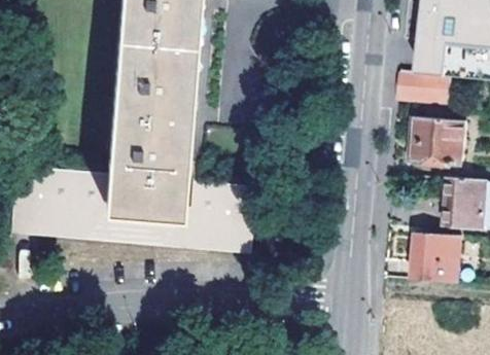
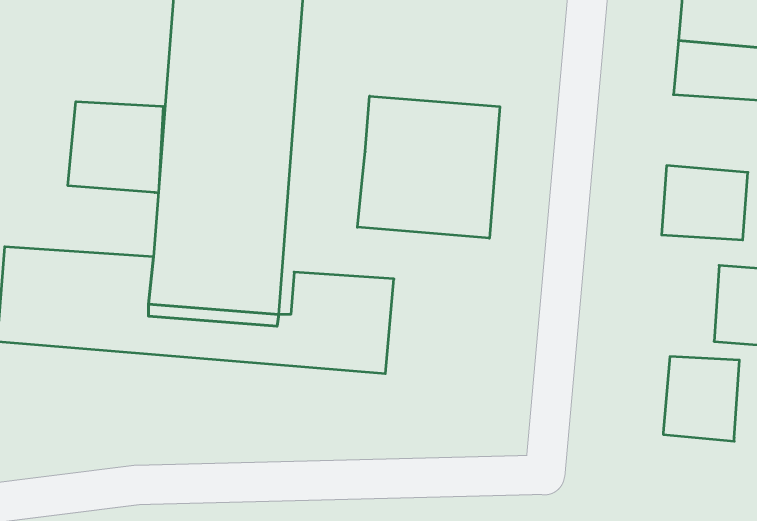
building: [400,72,455,103] -> none
building: none -> [357,96,500,238]
building: none -> [68,102,163,193]

